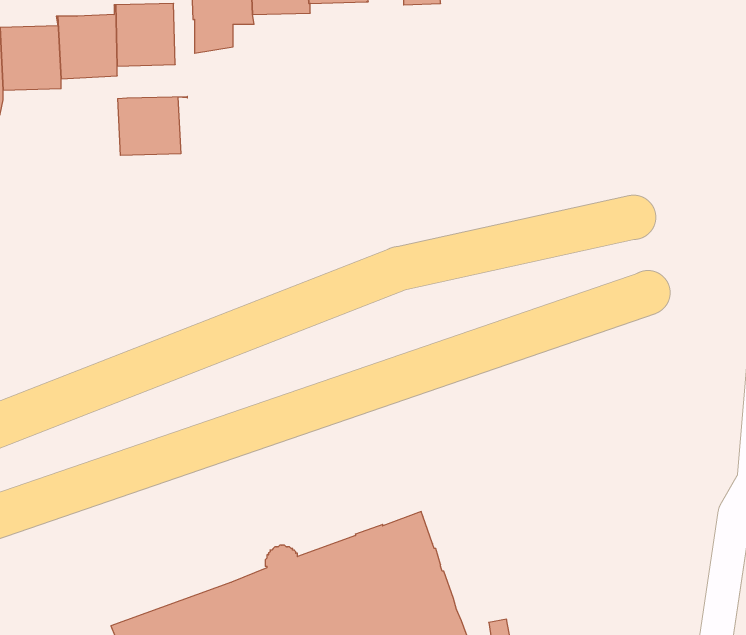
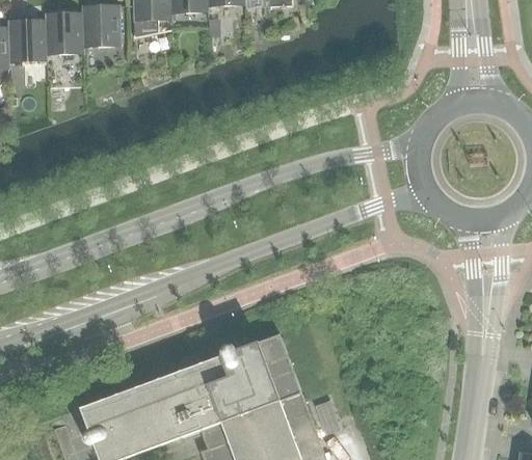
building: [118,96,187,155] -> none

